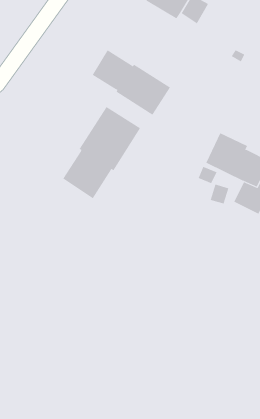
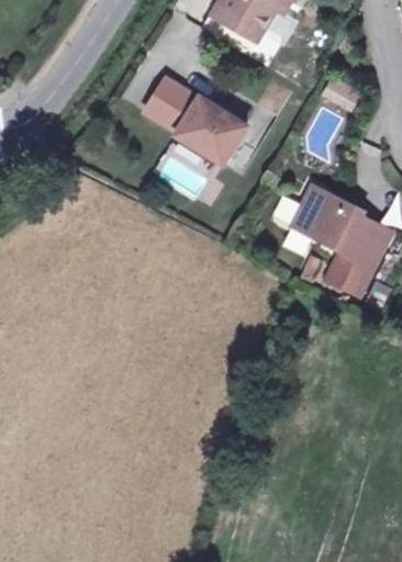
building: [62,106,141,199] -> none

